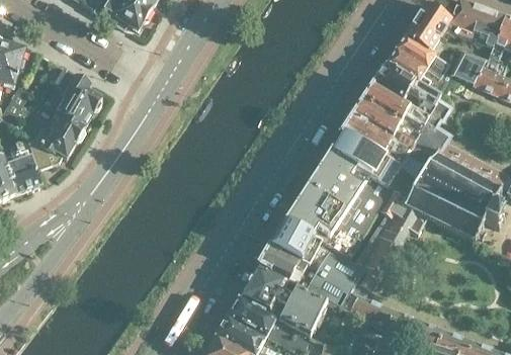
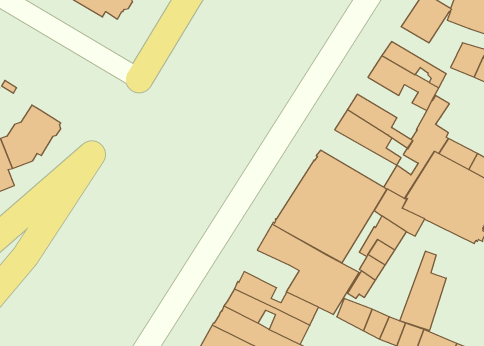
building: [396,35,450,80] -> none
building: [57,68,102,126] -> none
building: [363,83,429,132] -> none
building: [329,132,401,186] -> none
building: [257,246,309,286] -> none
building: none -> [400,251,446,331]

